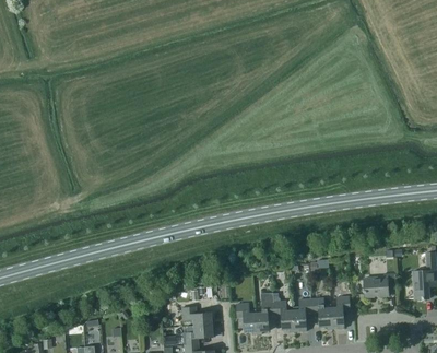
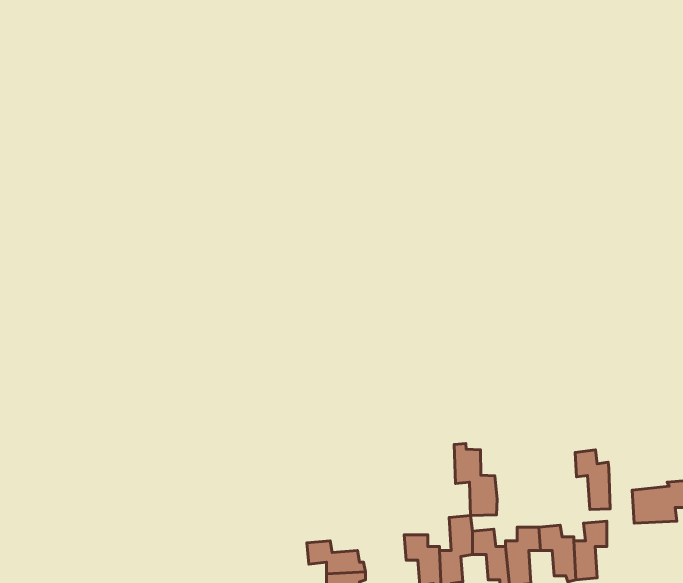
building: none -> [454,443,497,515]
building: none -> [575,450,610,510]

